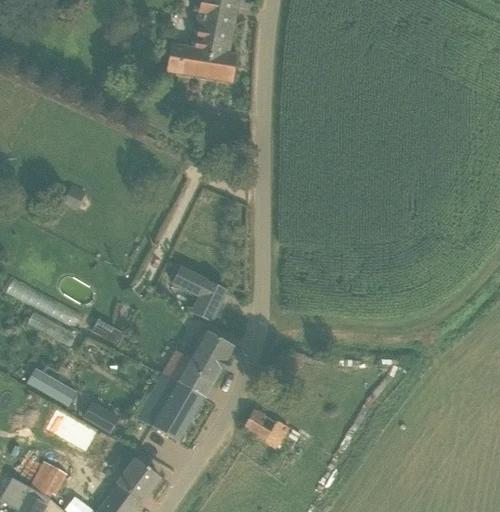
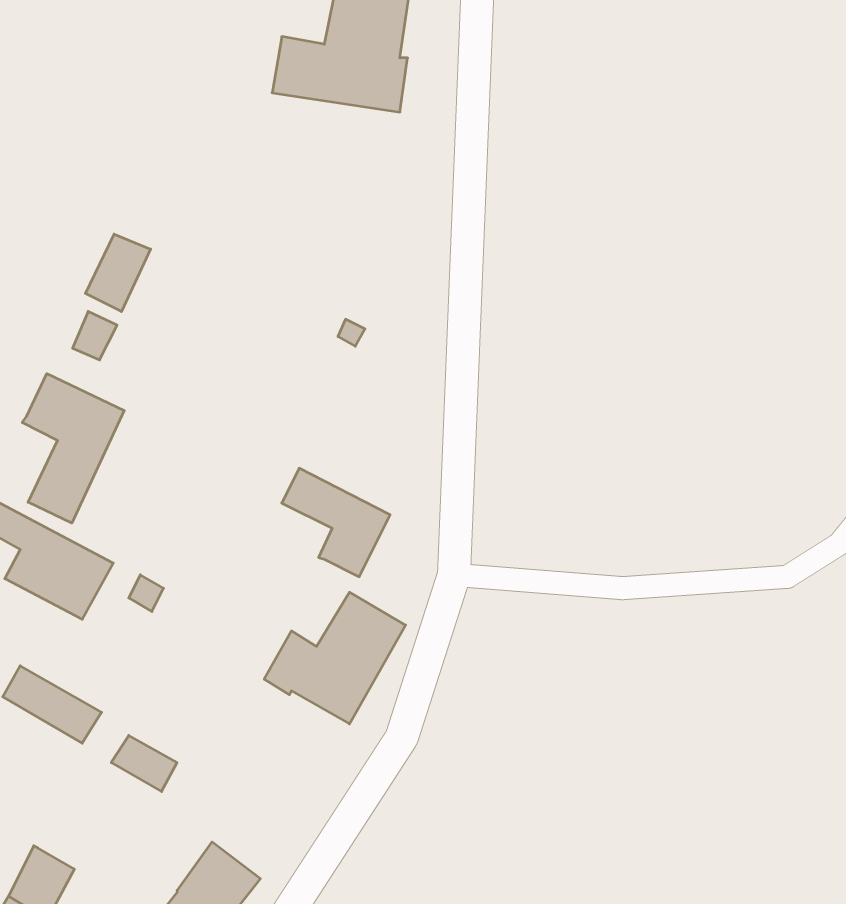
building: none -> [85,234,151,312]
building: none -> [22,374,124,523]
building: [137,374,206,441] -> none
building: [243,408,288,447] -> none

